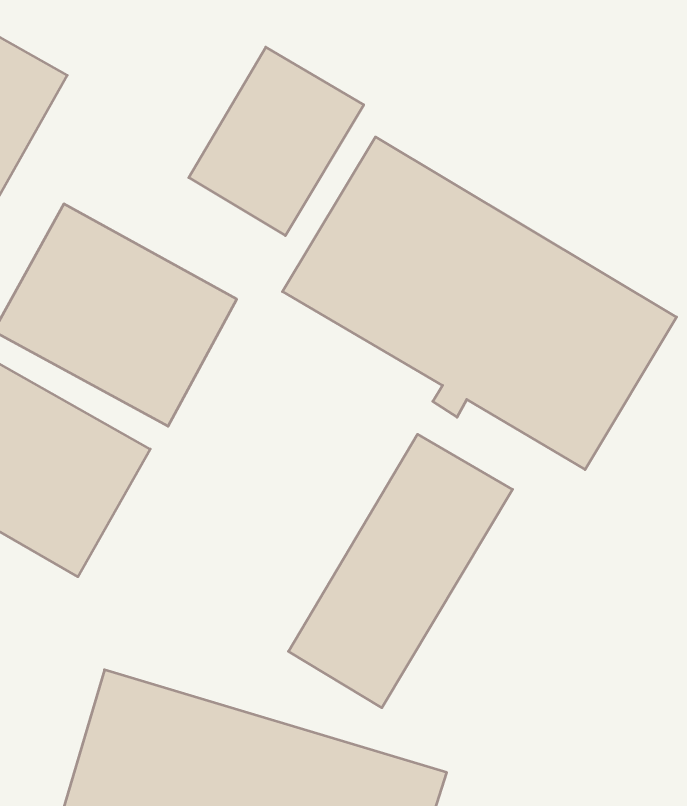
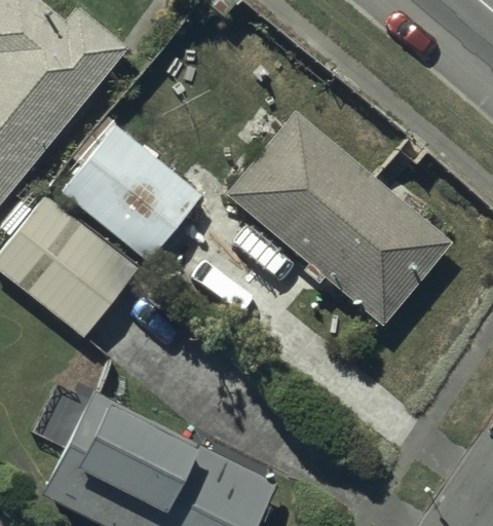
building: [189,47,364,236] -> none
building: [288,434,513,708] -> none

